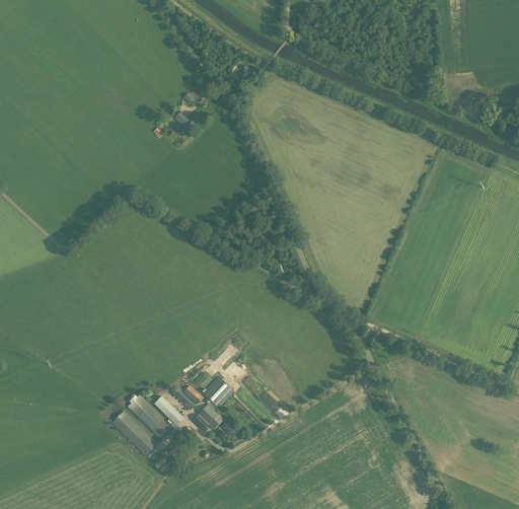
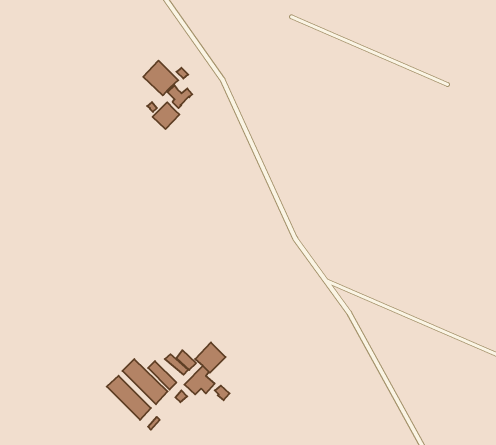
building: none -> [143,61,178,95]
building: none -> [153,102,179,129]

